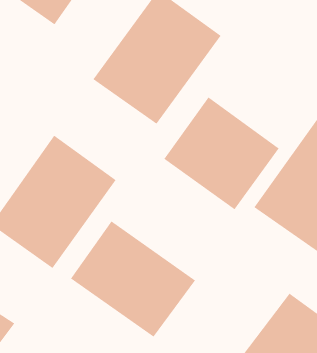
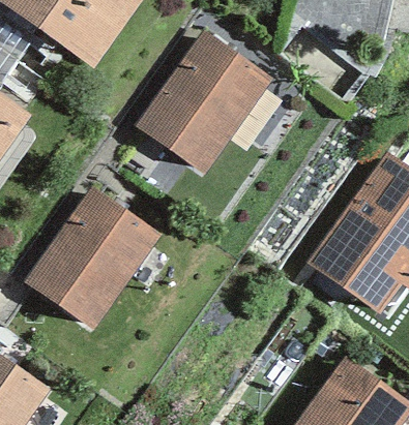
building: [163,96,280,210] -> none
building: [70,221,196,338] -> none

